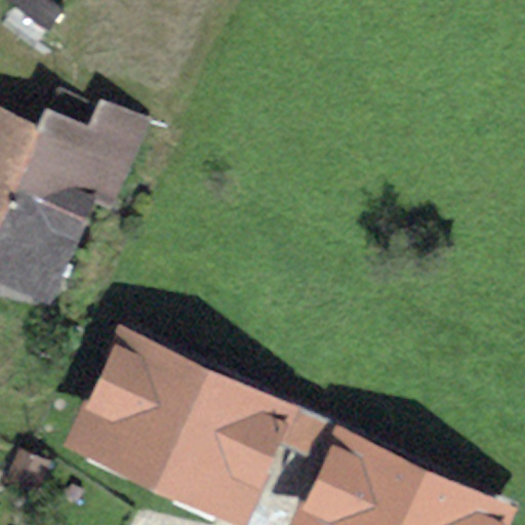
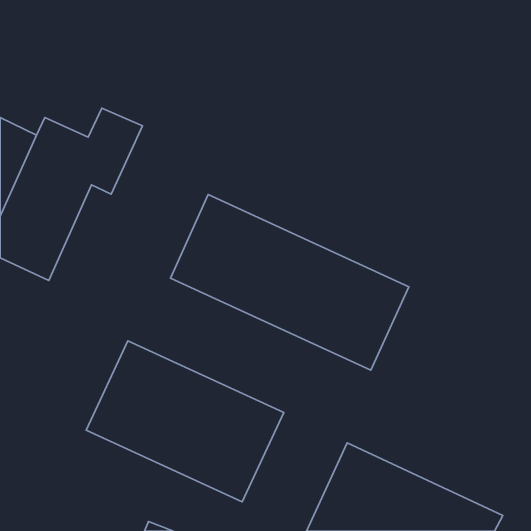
building: none -> [170,195,409,370]

